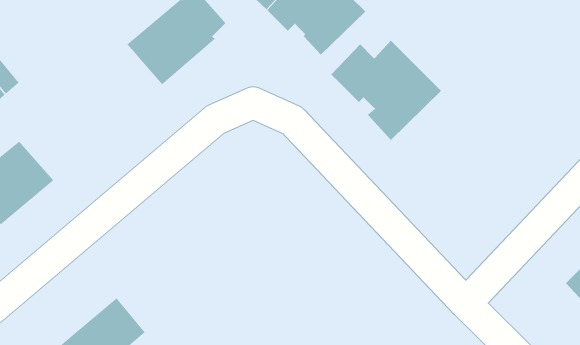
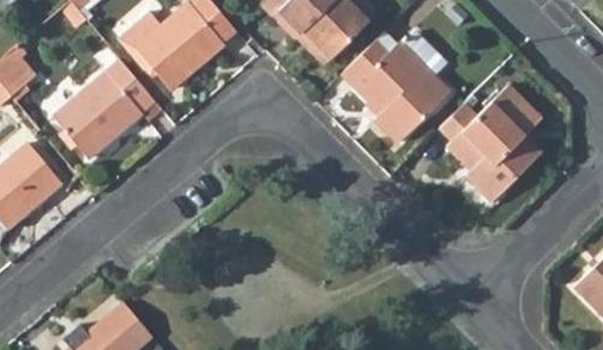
building: none -> [52,57,155,157]
building: none -> [440,86,543,202]

